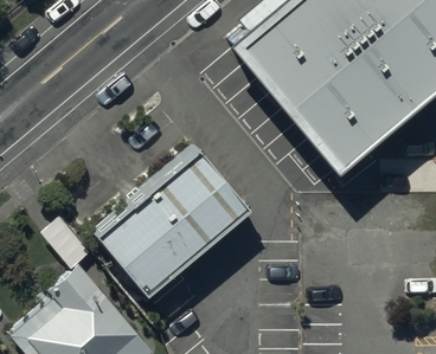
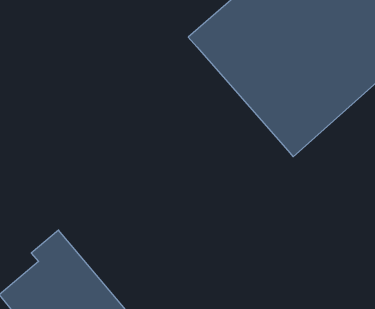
building: [92,146,243,289] -> none

